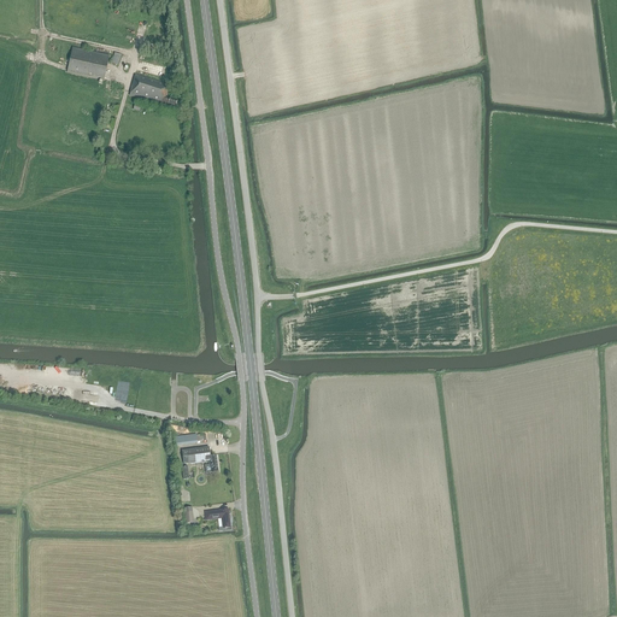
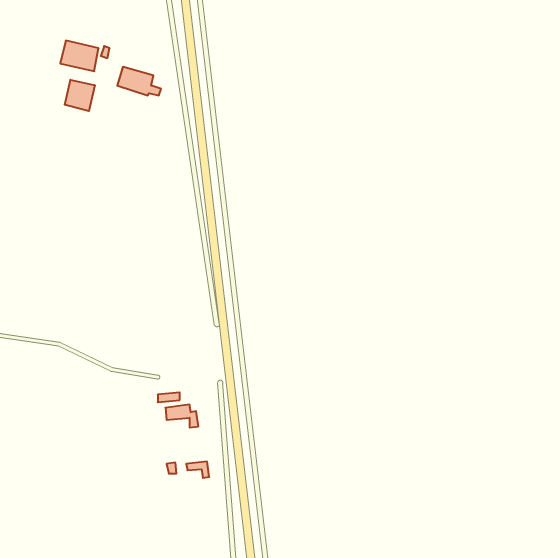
building: none -> [65,80,95,111]

